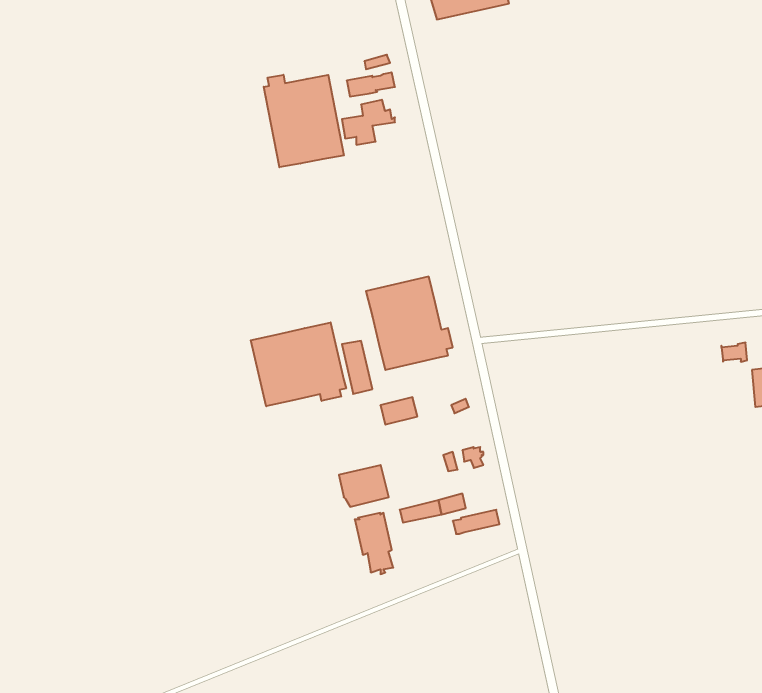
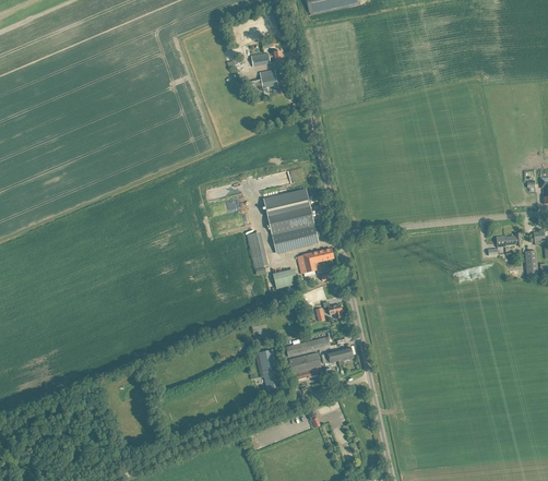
building: [264,75,344,167] -> none
building: [251,322,346,406] -> none
building: none -> [297,248,333,273]
building: [339,465,389,507] -> [288,352,322,381]

